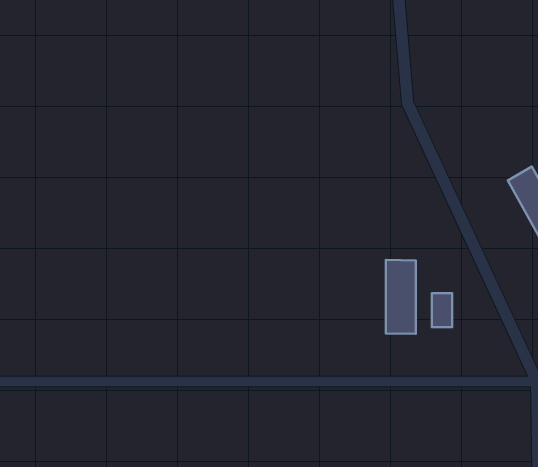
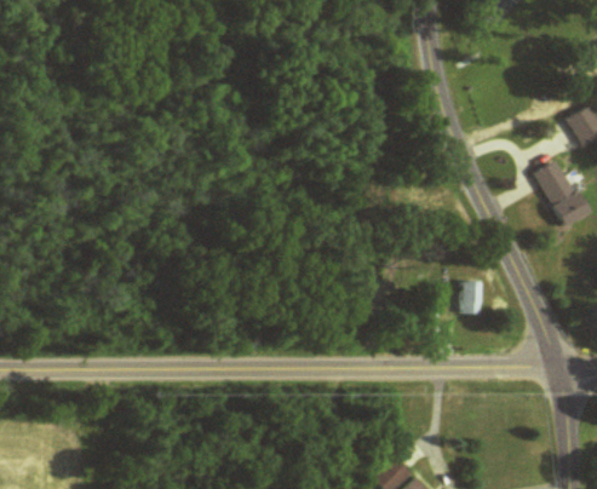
building: [386,260,416,334] -> none

